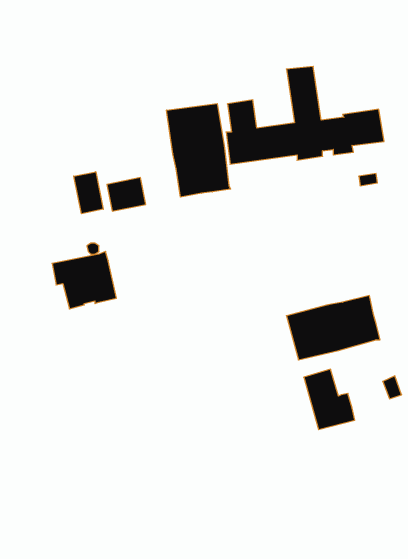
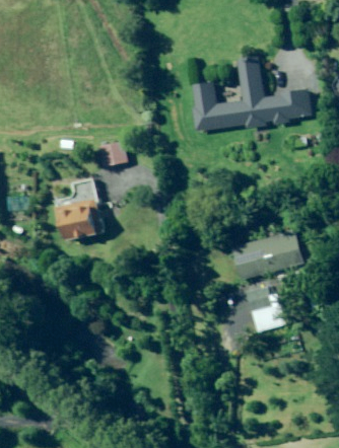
building: [167,104,231,197] -> none
building: [74,172,103,214] -> none

